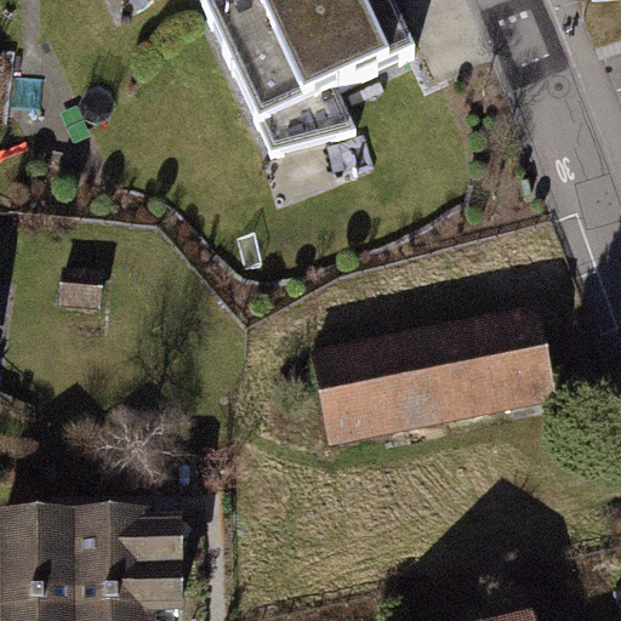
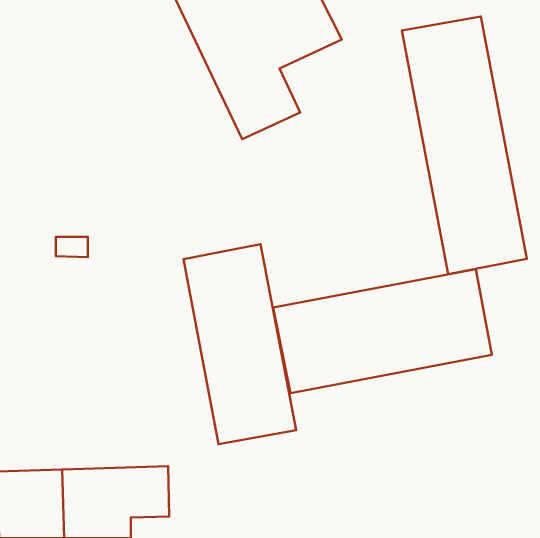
building: none -> [402,16,527,274]
building: none -> [184,244,296,444]

